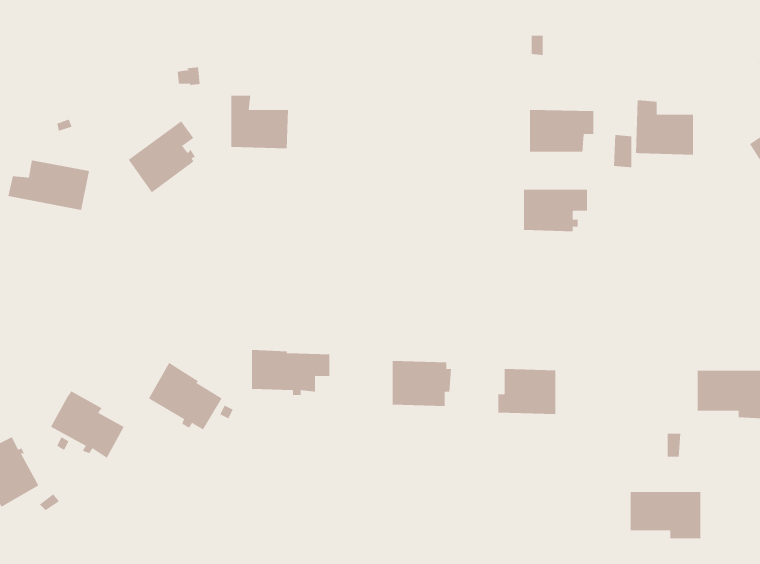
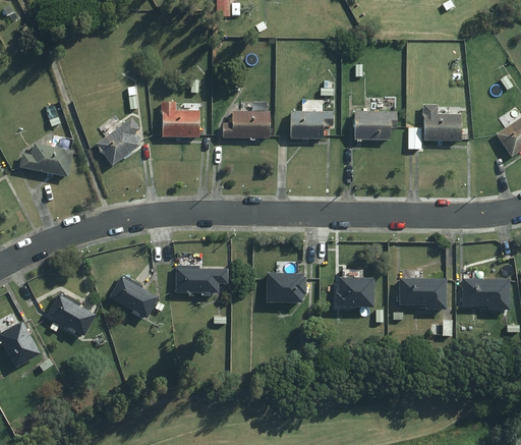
building: none -> [224,111,270,137]
building: [523,189,588,232] -> [291,111,333,138]
building: [630,491,701,539] -> [400,279,446,310]

